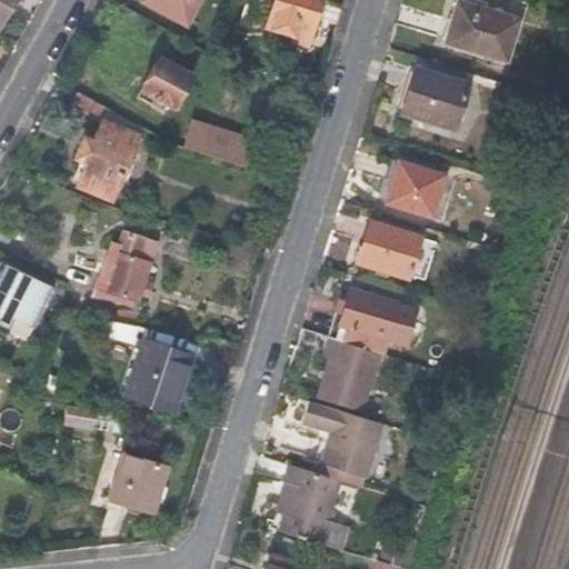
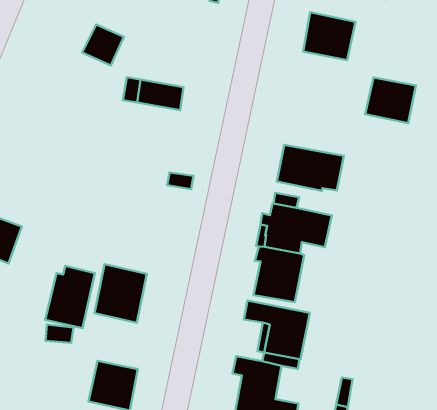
building: [52,81,139,203] -> none
building: [383,161,447,219] -> [365,78,416,123]
building: [93,231,158,307] -> [45,266,95,328]

